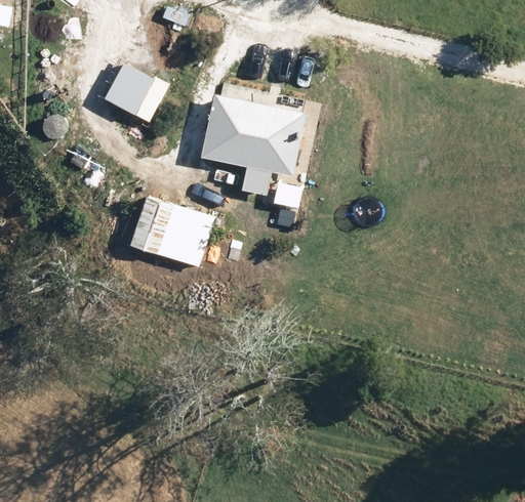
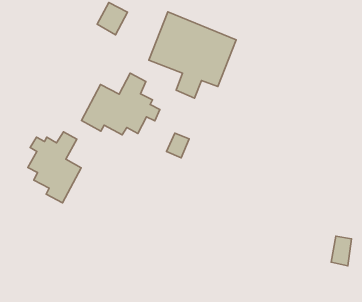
building: none -> [28,132,81,203]

